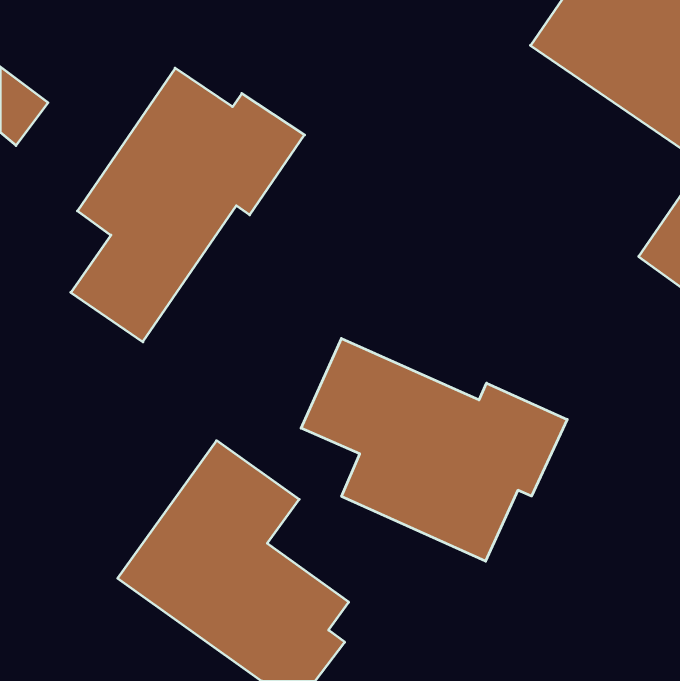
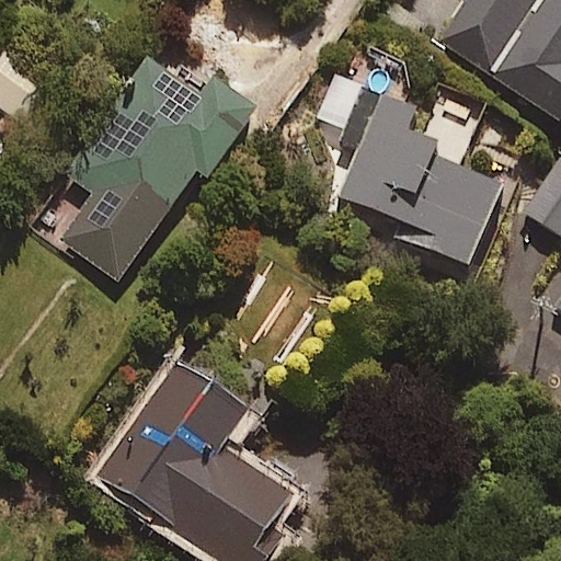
building: none -> [332,79,502,260]
building: [301,338,567,561] -> none

